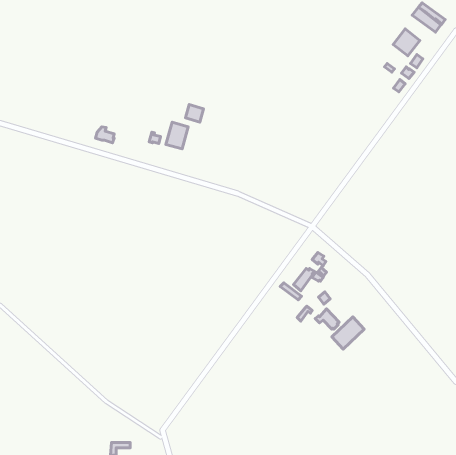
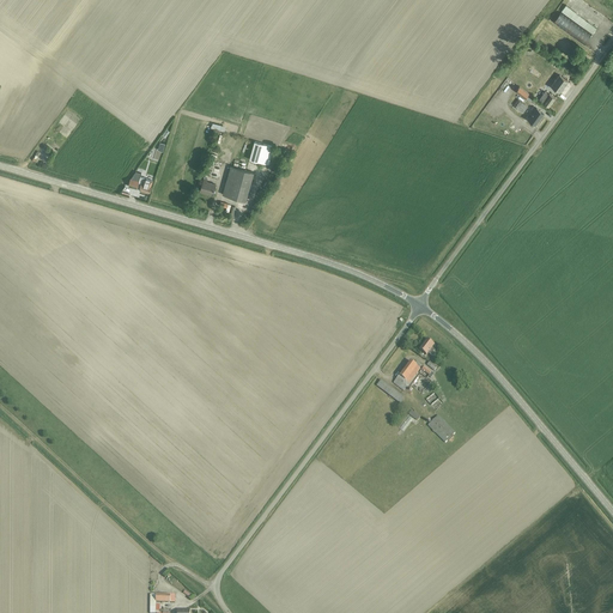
building: [393,29,420,56] -> none
building: [332,317,364,349] -> none

